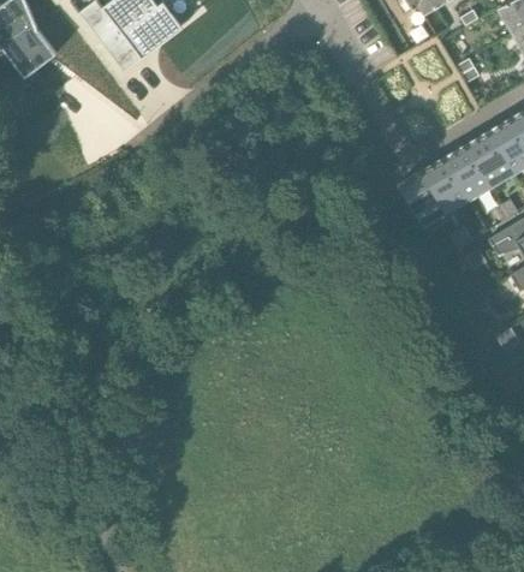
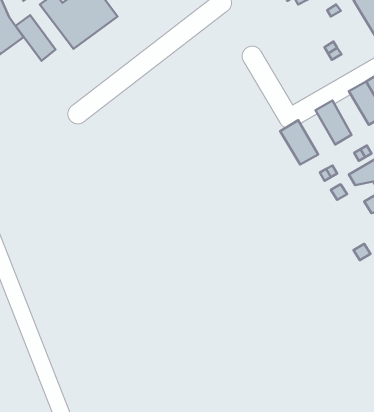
building: none -> [15,15,55,61]
building: [468,127,516,185] -> none
building: [422,153,471,211] -> none

